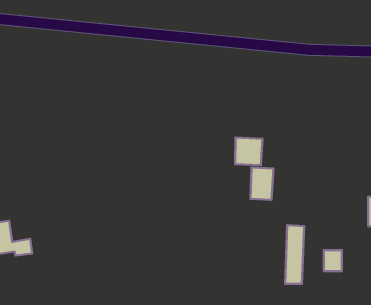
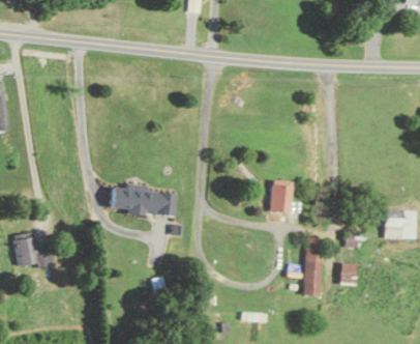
building: [235,137,263,165] -> none
building: none -> [111,187,176,216]

